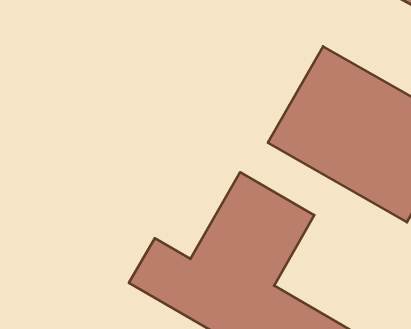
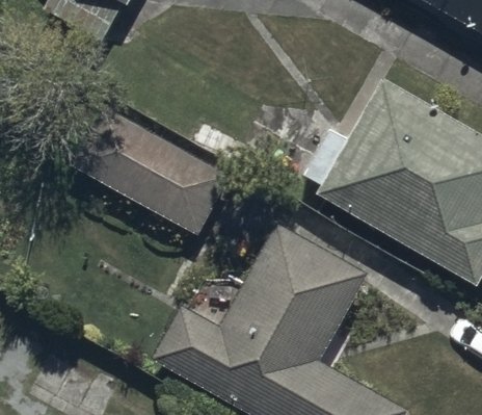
building: none -> [63,111,225,235]

